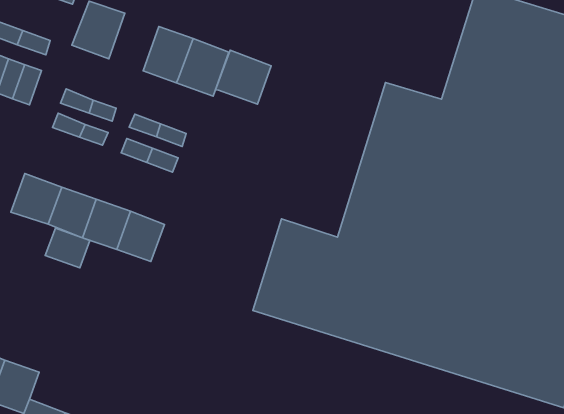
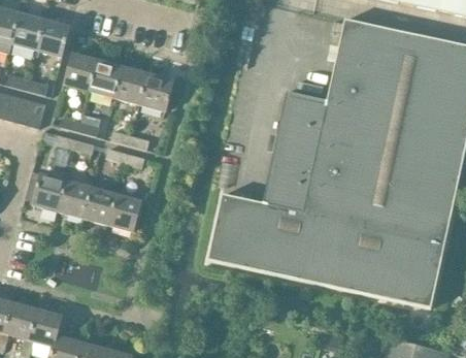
building: none -> [93,59,126,98]
building: [215,50,271,104] -> none
building: [45,228,90,268] -> none

